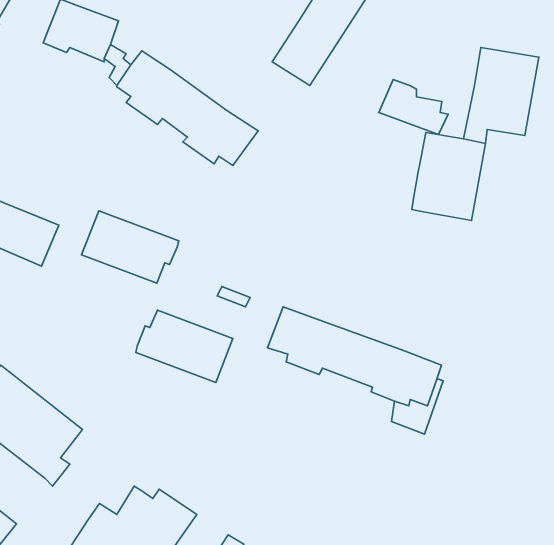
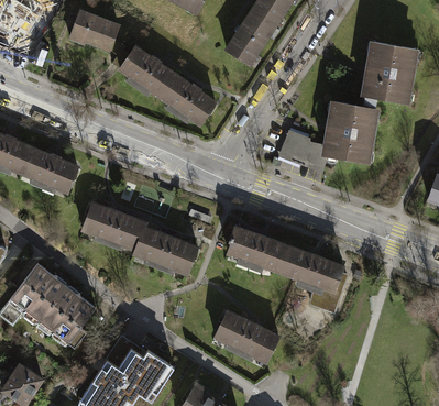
building: [379,80,448,135] -> [282,132,330,171]
building: [82,211,179,283] -> [79,200,147,251]
building: none -> [213,309,279,362]

